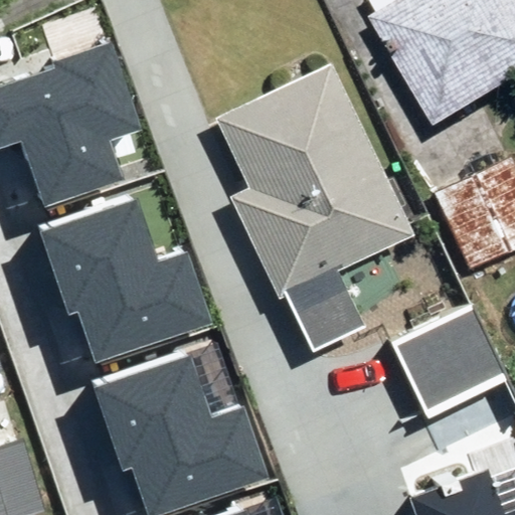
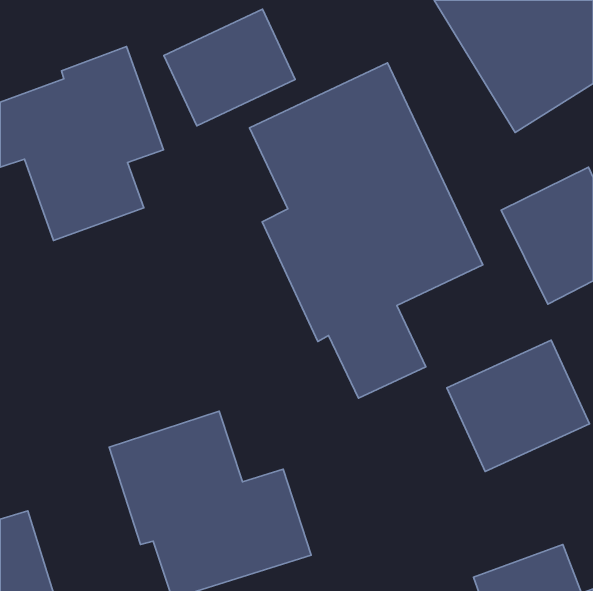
building: none -> [164,9,295,126]
building: [39,203,215,367] -> none

